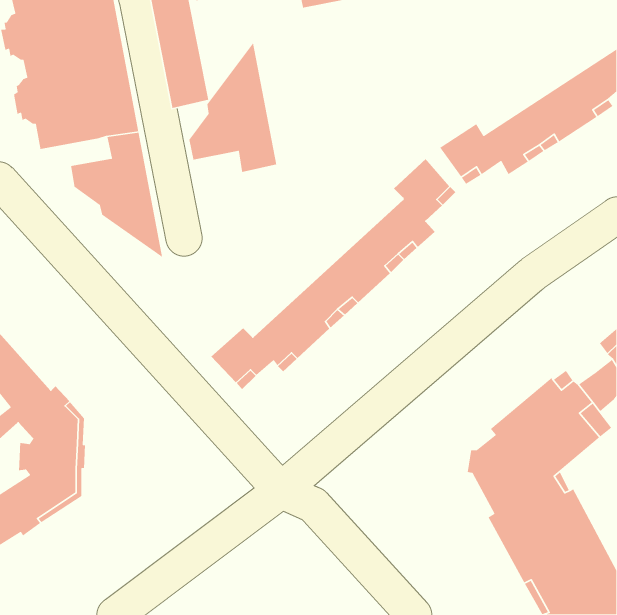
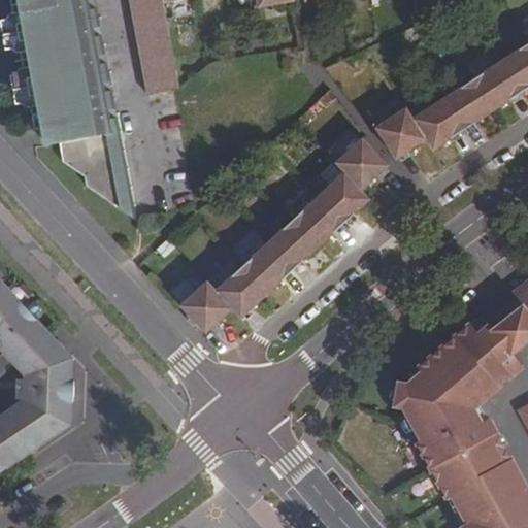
building: [188,41,277,173] -> none

